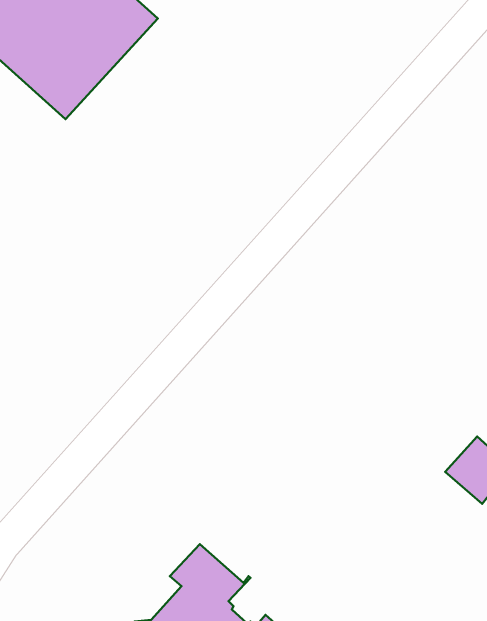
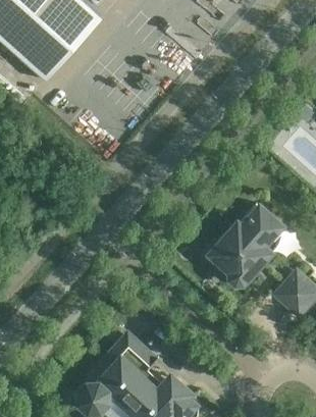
building: none -> [215,206,280,283]

